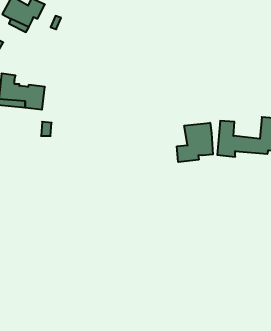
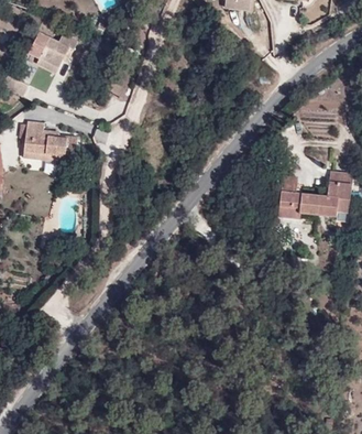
building: [177,123,213,162] -> none

